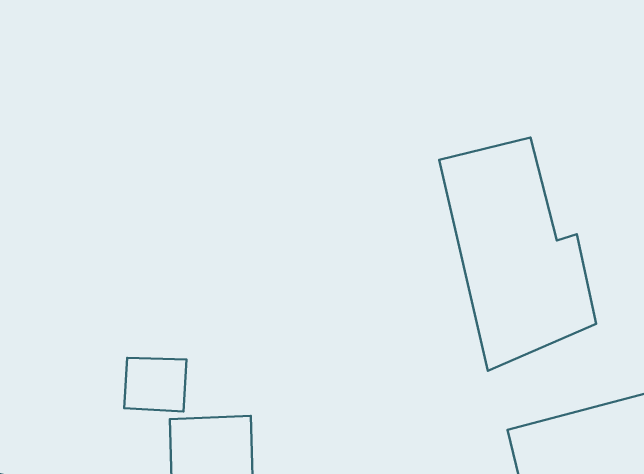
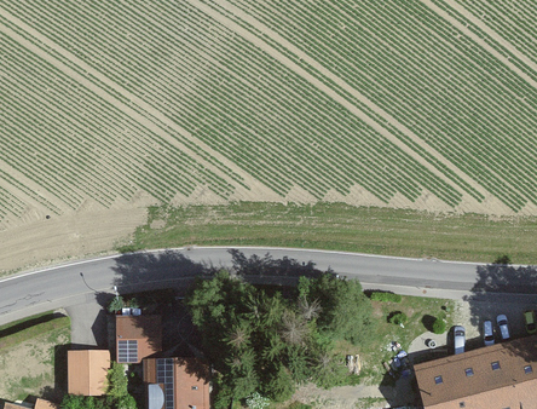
building: [439,138,596,371] -> none
building: none -> [64,346,108,393]

